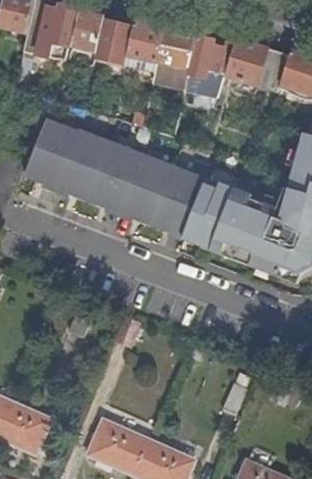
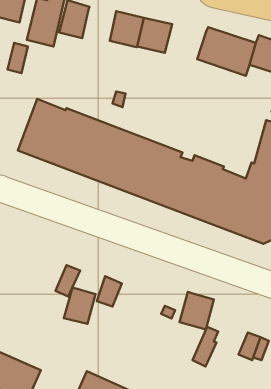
building: [93,19,132,65] -> none
building: [183,36,233,95] -> none
building: none -> [64,287,96,324]
building: none -> [180,292,214,329]

